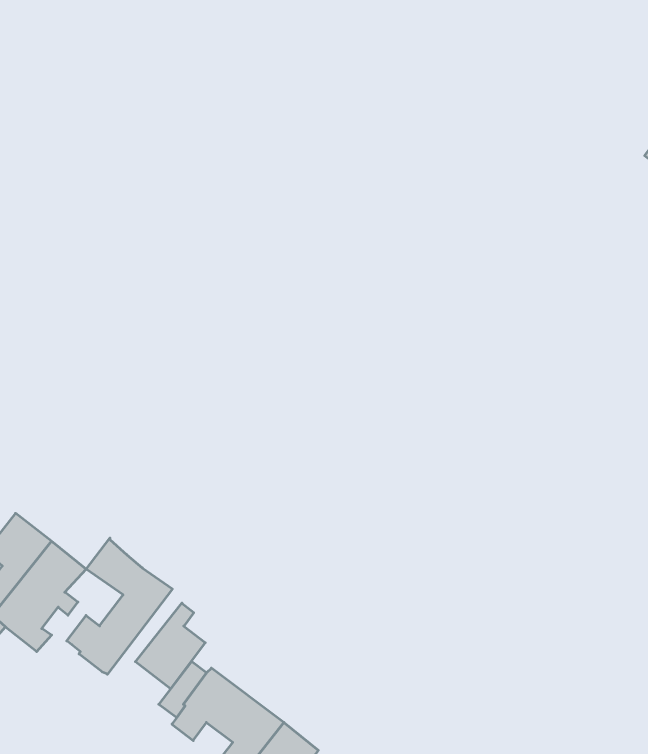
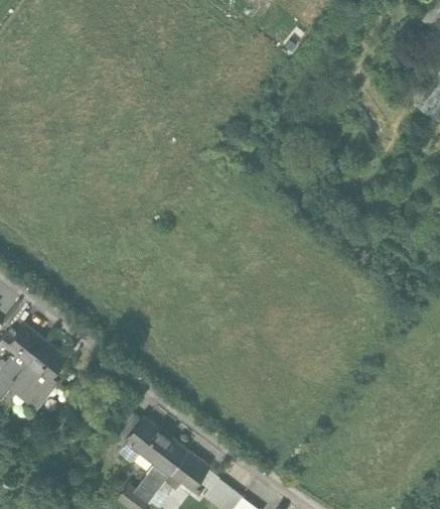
building: [67,538,172,674] -> none
building: [135,603,205,689] -> none

